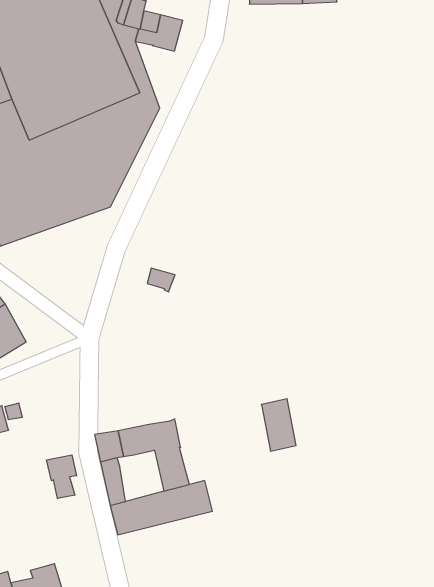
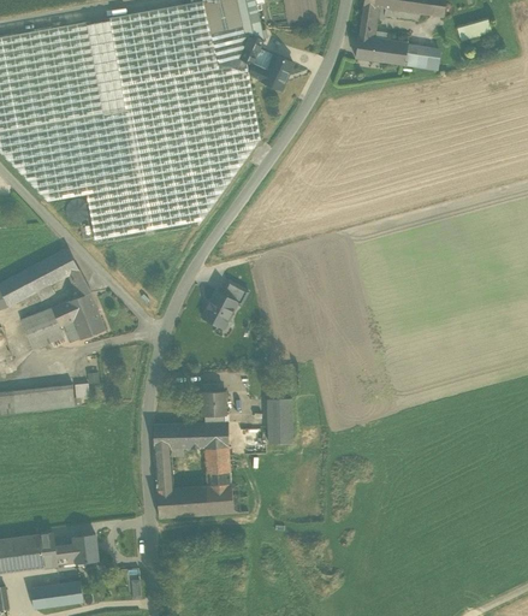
building: none -> [202,291,237,327]
building: none -> [200,390,225,414]
building: [261,399,296,451] -> [267,398,292,443]
building: [47,455,77,499] -> none

